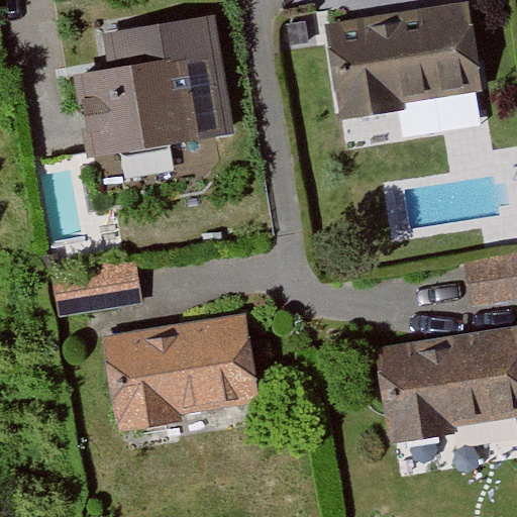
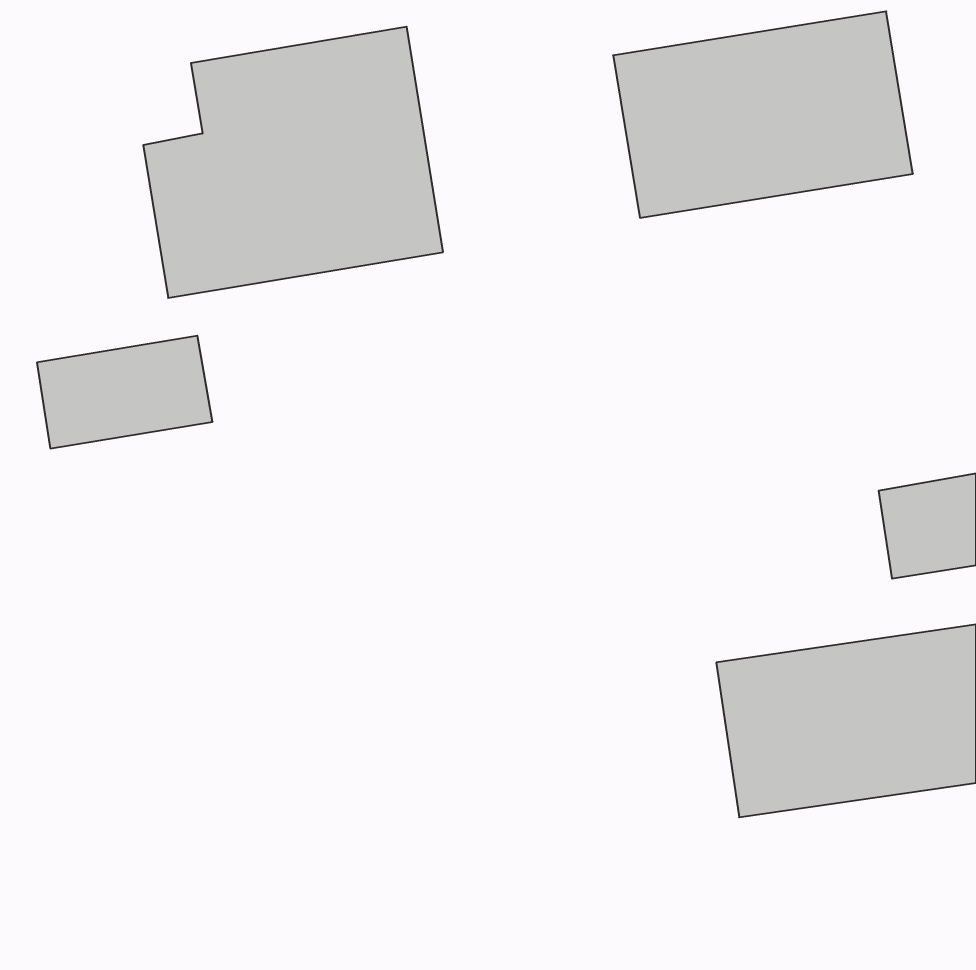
building: [50,257,143,317] -> [37,336,213,448]
building: [100,316,262,424] -> none

